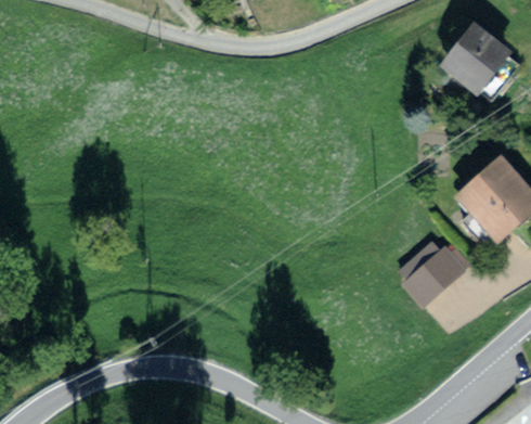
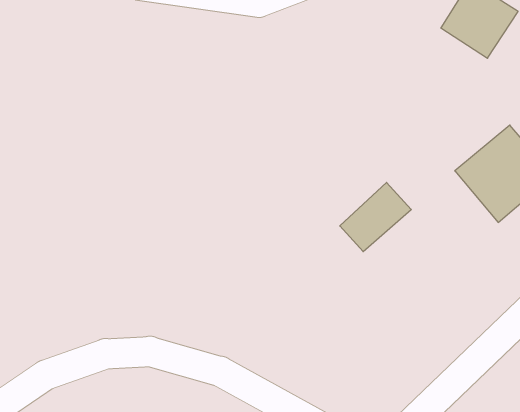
building: [402,237,468,301] -> [340,182,411,252]

